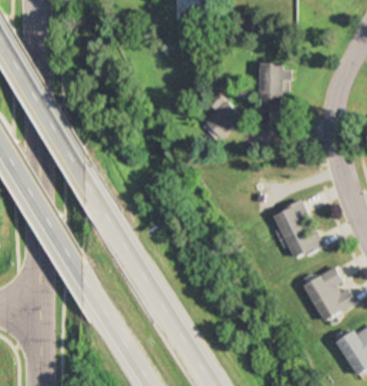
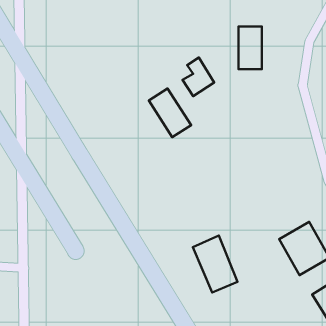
building: none -> [149,88,191,137]
building: [274,199,320,258] -> [193,236,237,293]

